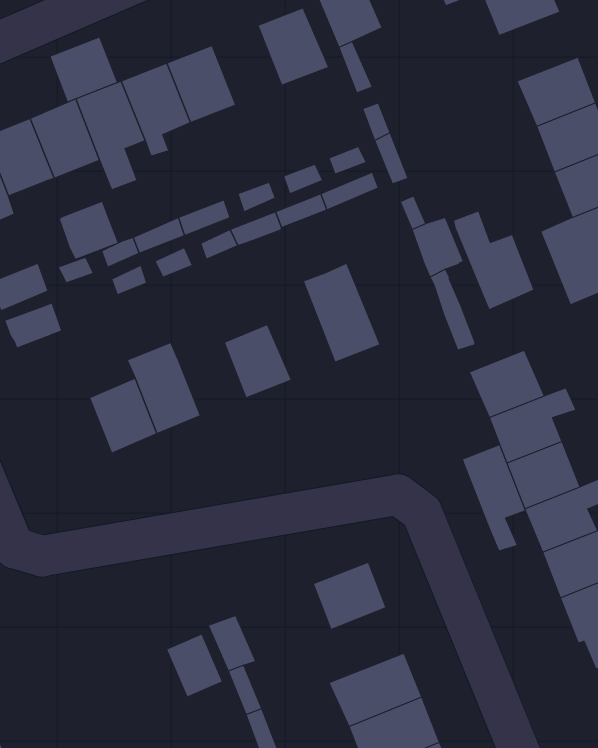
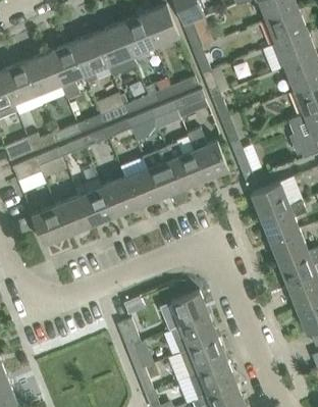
building: none -> [266,8,307,44]
building: none -> [118,15,154,56]
building: [50,37,117,102] -> none
building: [59,201,118,259] -> [36,149,66,179]
building: [453,211,534,310] -> [187,129,228,180]
building: none -> [142,147,181,198]
building: none -> [101,179,136,216]
building: none -> [32,207,66,245]
building: [462,444,526,551] -> none
building: none -> [173,315,217,354]
building: [166,634,223,697] -> none

